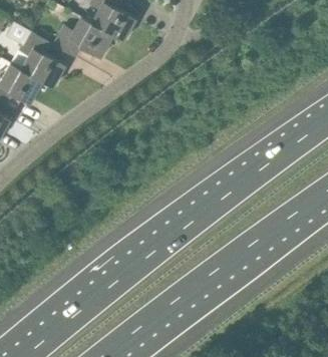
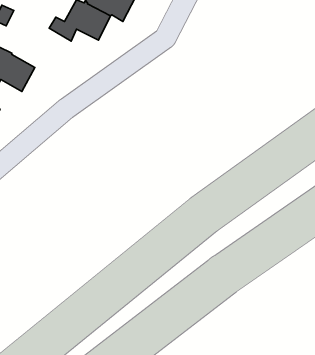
building: [20,30,64,87] -> none

